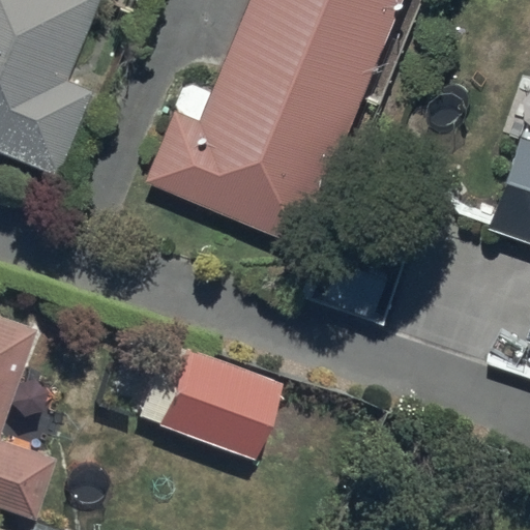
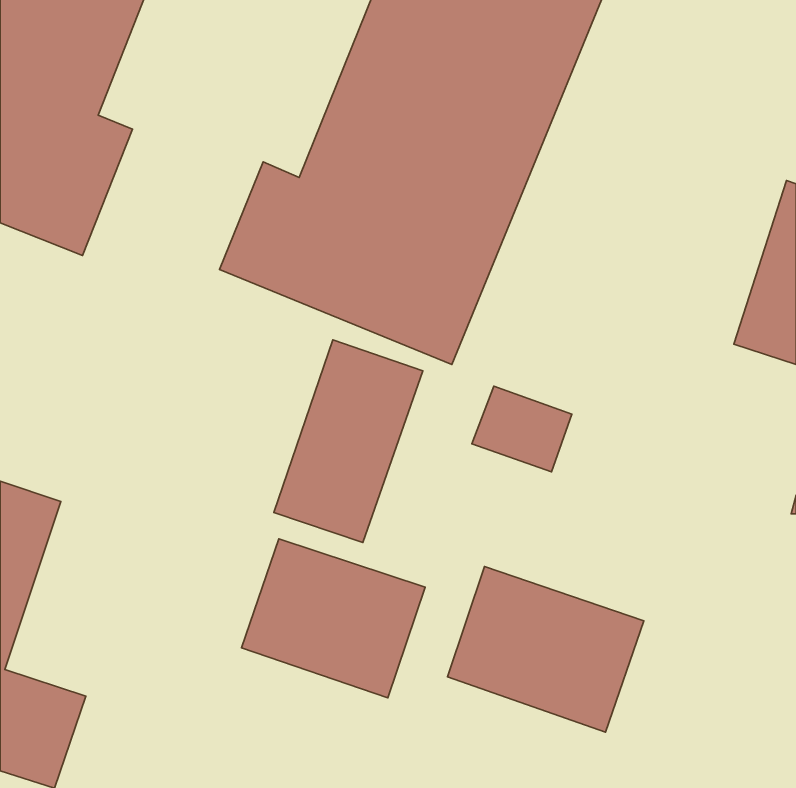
building: none -> [274,340,423,543]
building: none -> [447,567,644,732]

